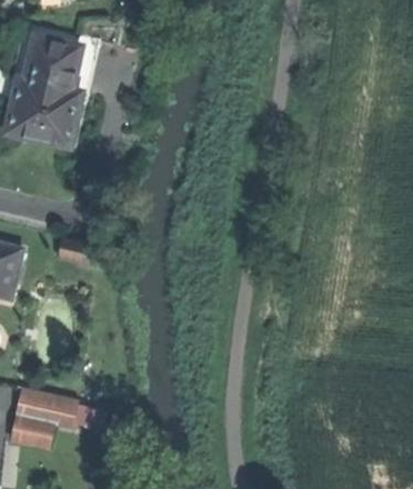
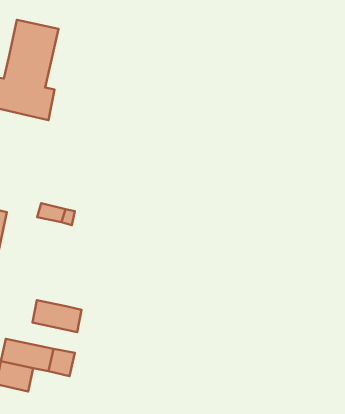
building: none -> [32,300,82,332]

